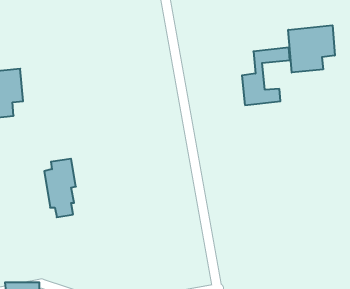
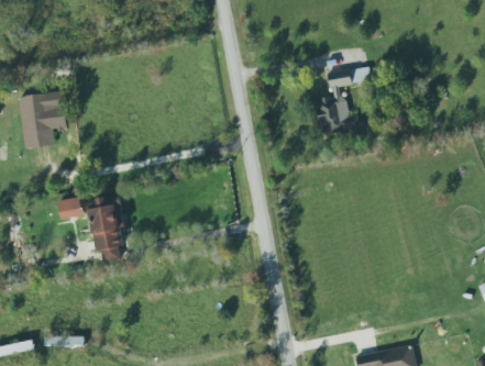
building: [288,25,335,73] -> none
building: none -> [58,196,86,219]

